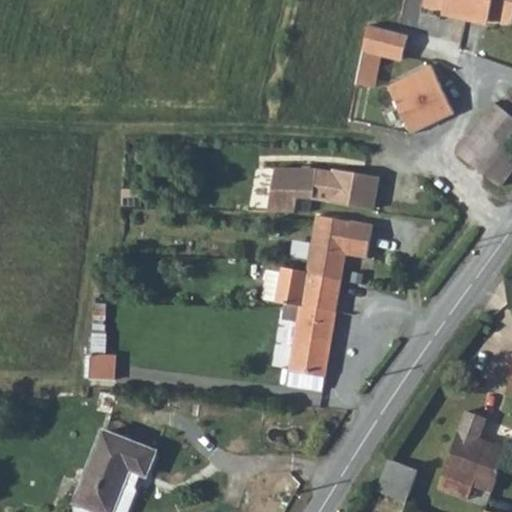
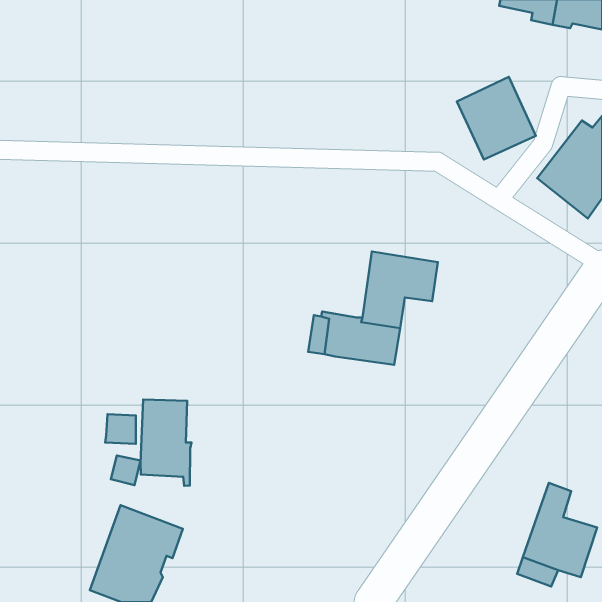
building: [358,28,408,89] -> none
building: [270,168,380,215] -> none
building: [282,302,334,388] -> none
building: none -> [140,400,191,486]
building: [376,457,417,500] -> none

